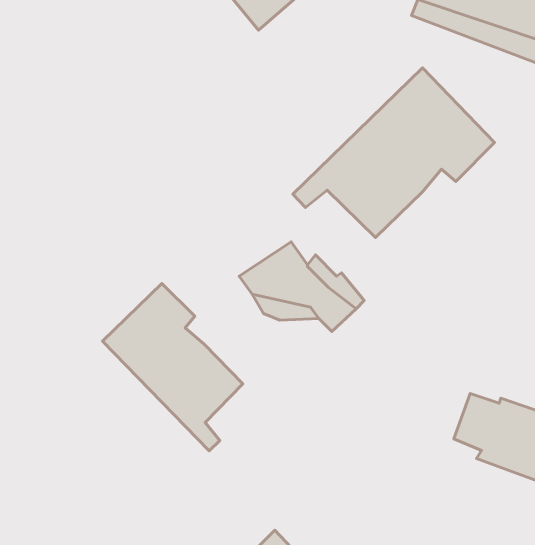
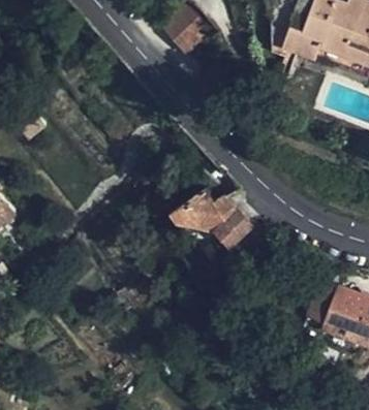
building: [293,68,494,237] -> none
building: [102,283,243,451] -> none

